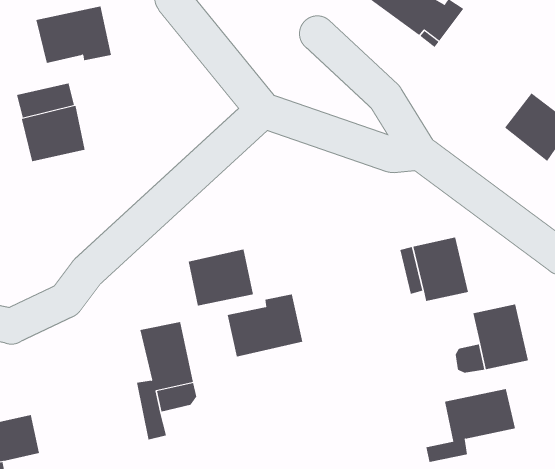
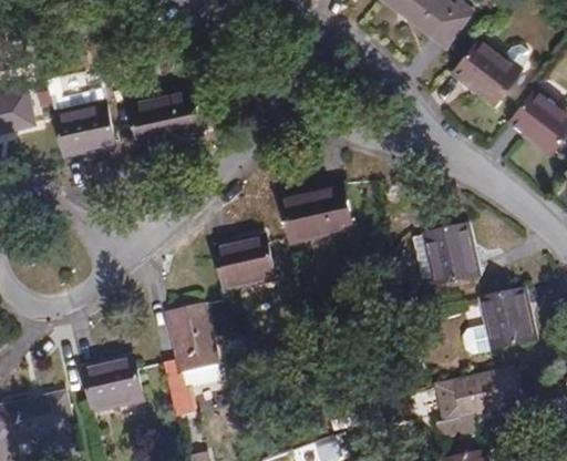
building: [35,6,112,63] -> [128,88,200,142]
building: none -> [453,38,529,104]
building: [227,294,303,357] -> [279,183,351,243]
building: none -> [82,358,143,411]

